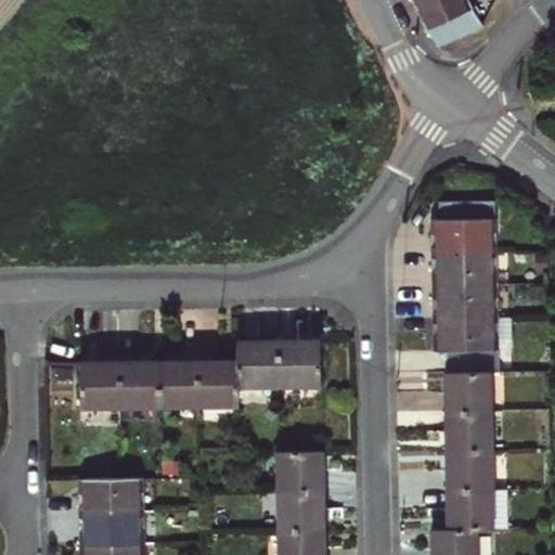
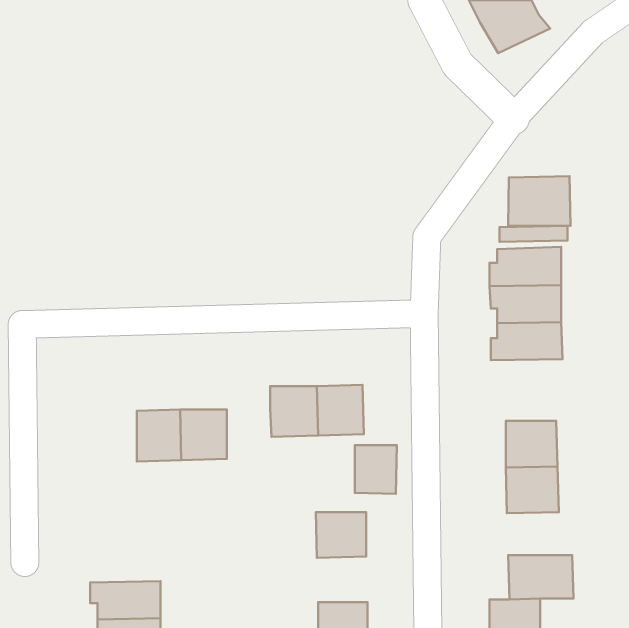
building: none -> [508,176,570,226]
building: [431,318,494,372] -> none
building: [199,361,240,405] -> none
building: [80,363,120,408] -> none
building: none -> [355,445,397,494]
building: [446,452,491,490] -> none
building: [79,479,141,514] -> none
building: [279,491,323,531] -> none

